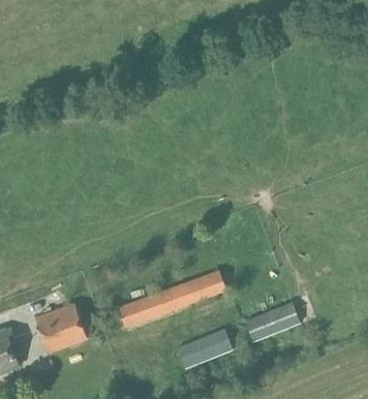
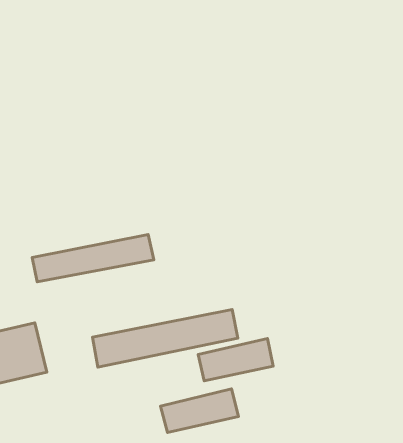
building: none -> [32,235,154,282]
building: [245,303,302,341] -> [198,339,273,381]

